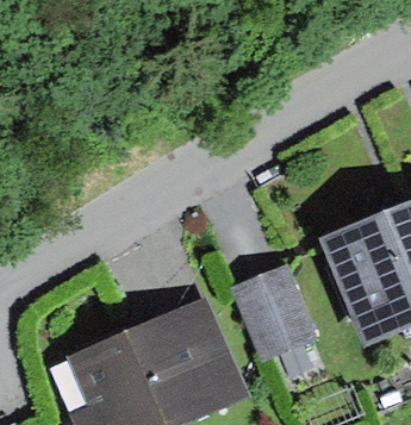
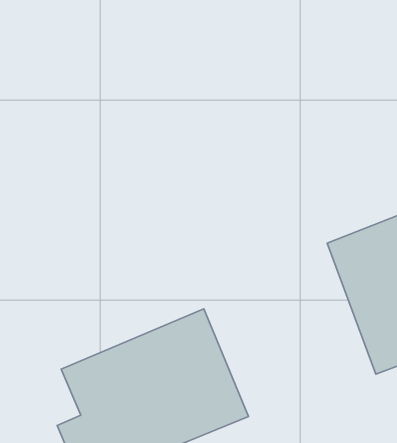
building: [231,264,316,360] -> none

